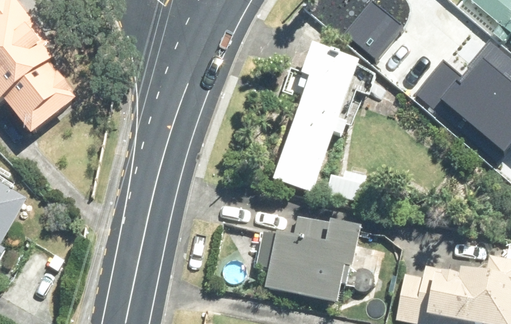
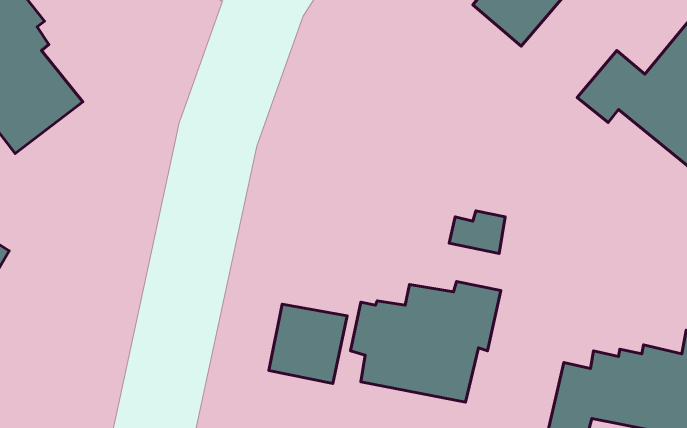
building: [273,39,361,191] -> none
building: none -> [269,304,347,383]

